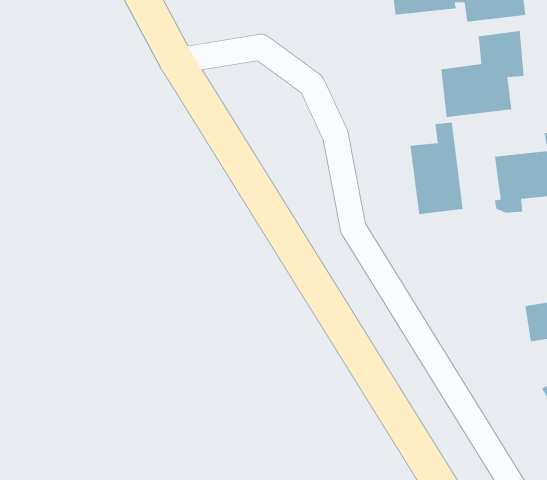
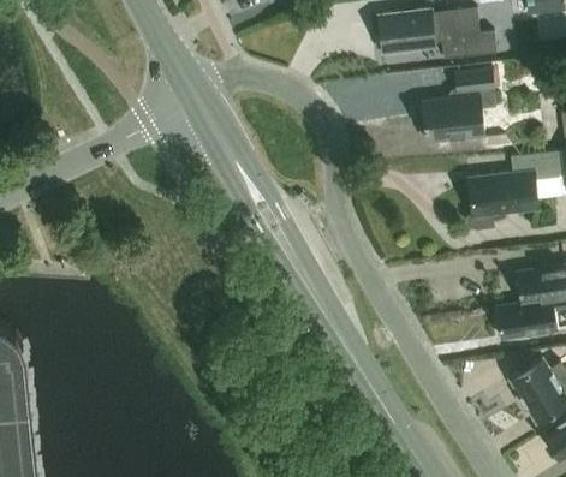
building: [410,122,463,215] -> none

